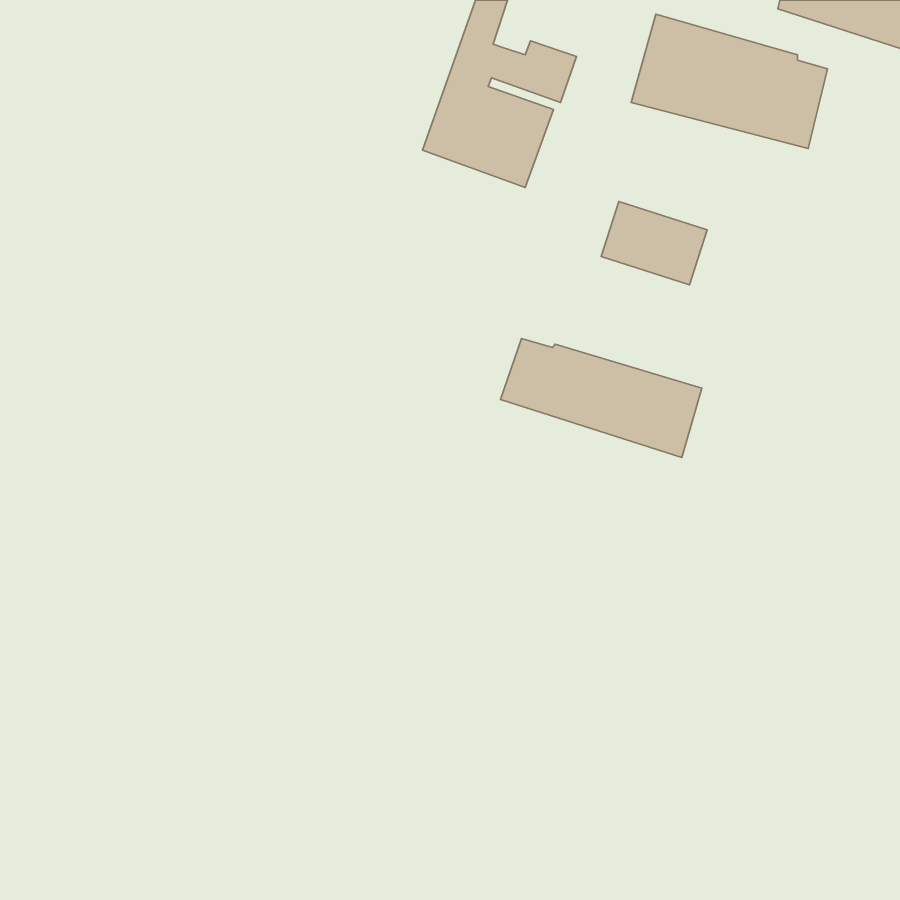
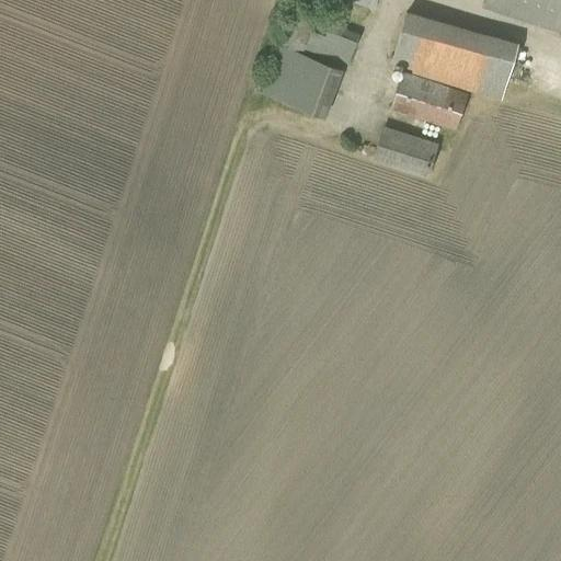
building: none -> [392,72,470,130]
building: [501,338,702,457] -> none

